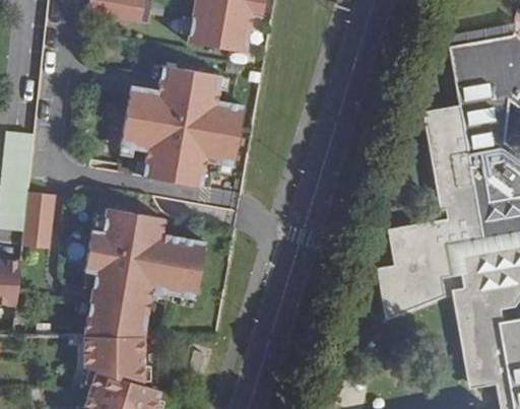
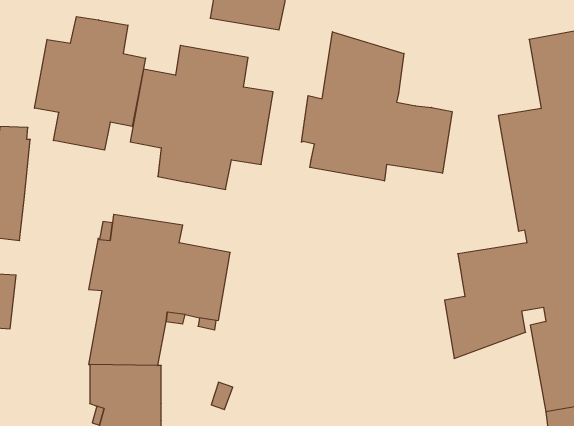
building: none -> [35,17,146,150]
building: none -> [301,32,452,181]
building: [22,193,55,250] -> none

